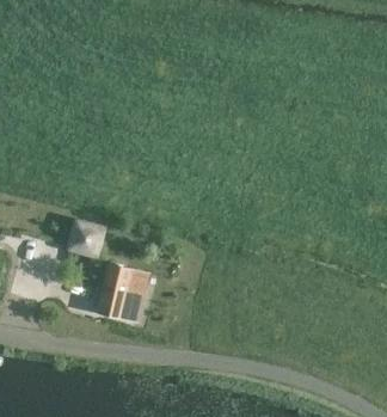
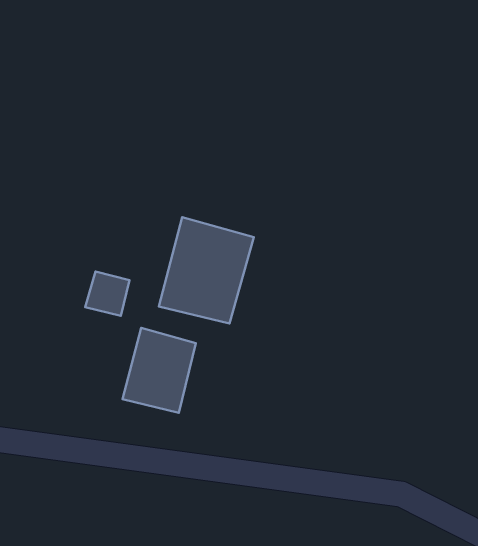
building: none -> [159,217,254,324]

